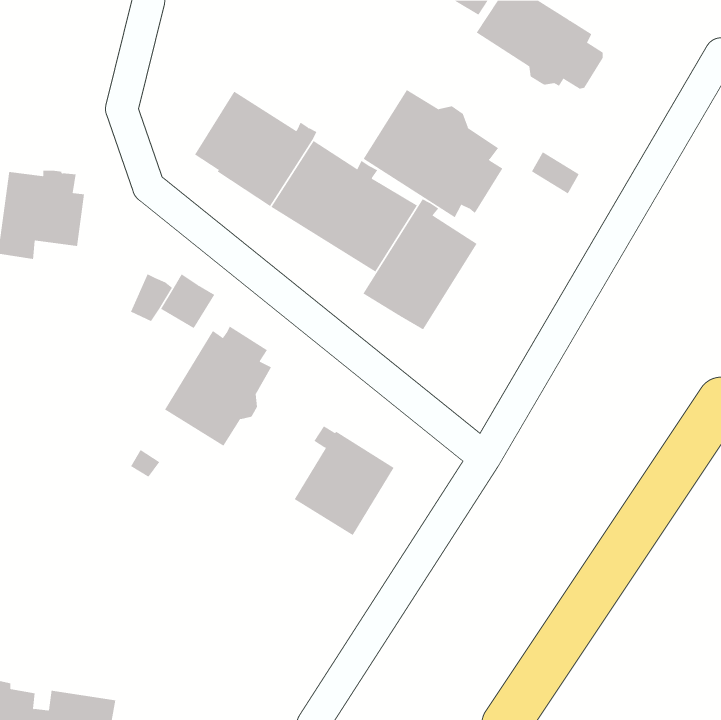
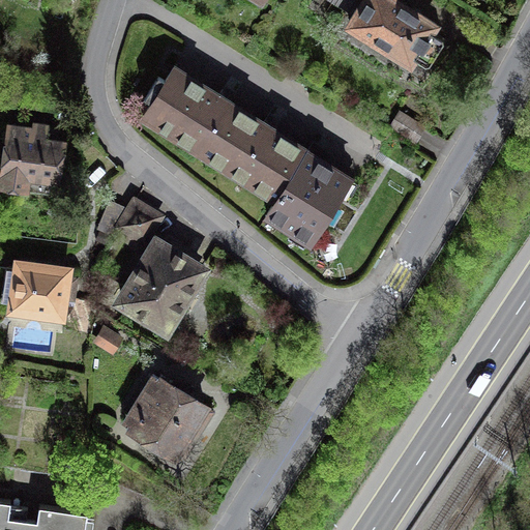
building: [363,89,503,218] -> none
building: none -> [10,265,73,317]
building: [294,425,394,536] -> [129,377,203,458]

